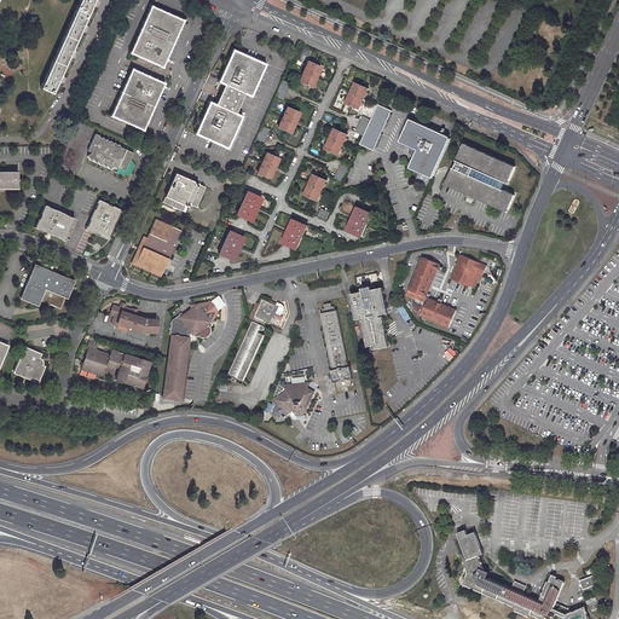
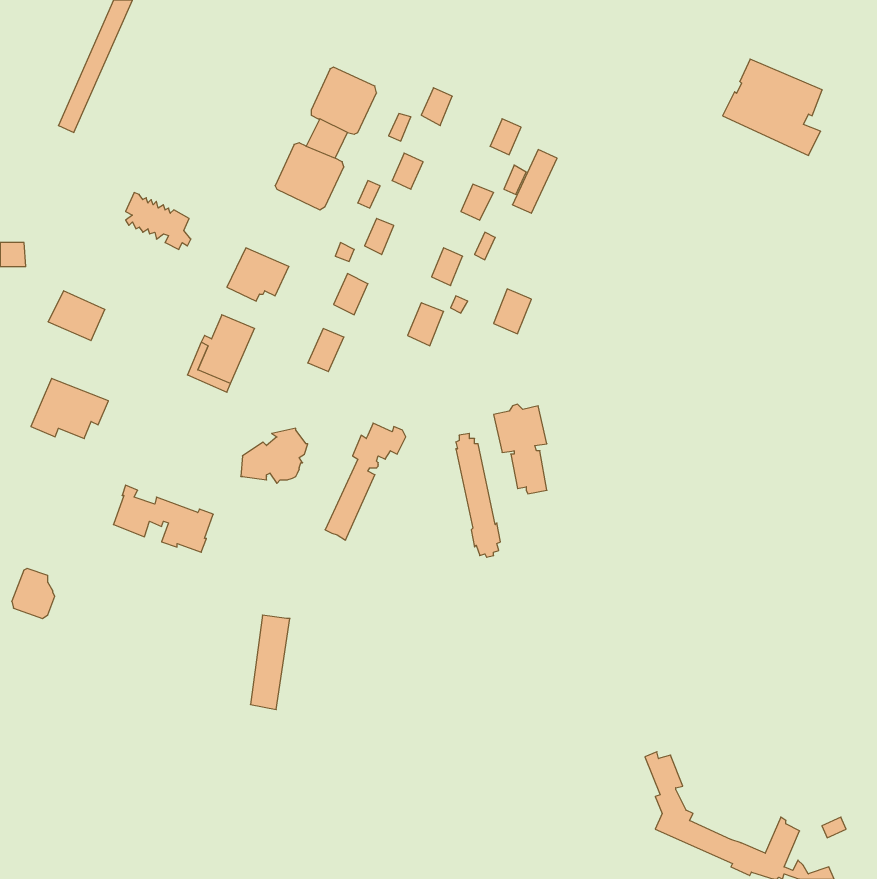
building: [129,5,181,64] -> none
building: [110,66,162,126] -> none
building: [400,118,451,177] -> none
building: [446,143,516,210] -> [723,59,822,155]
building: [86,199,122,238] -> none
building: [450,254,486,289] -> none
building: [404,256,453,326] -> none
building: [111,306,157,332] -> none
building: [163,335,191,401] -> [250,615,290,710]
building: [13,346,44,381] -> [12,568,55,618]
building: [276,376,314,418] -> none

